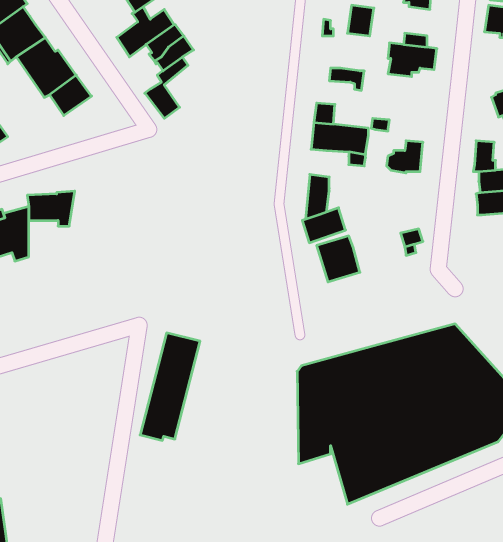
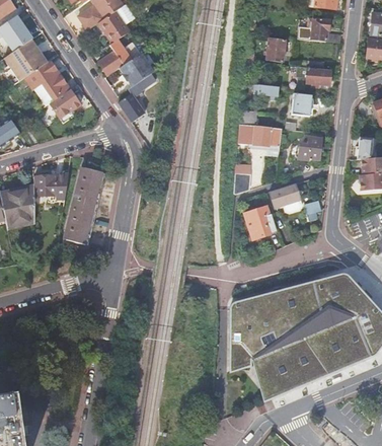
building: none -> [291,94,311,116]
building: [302,208,346,243] -> [268,182,299,208]
building: [140,333,200,440] -> [62,167,105,245]

